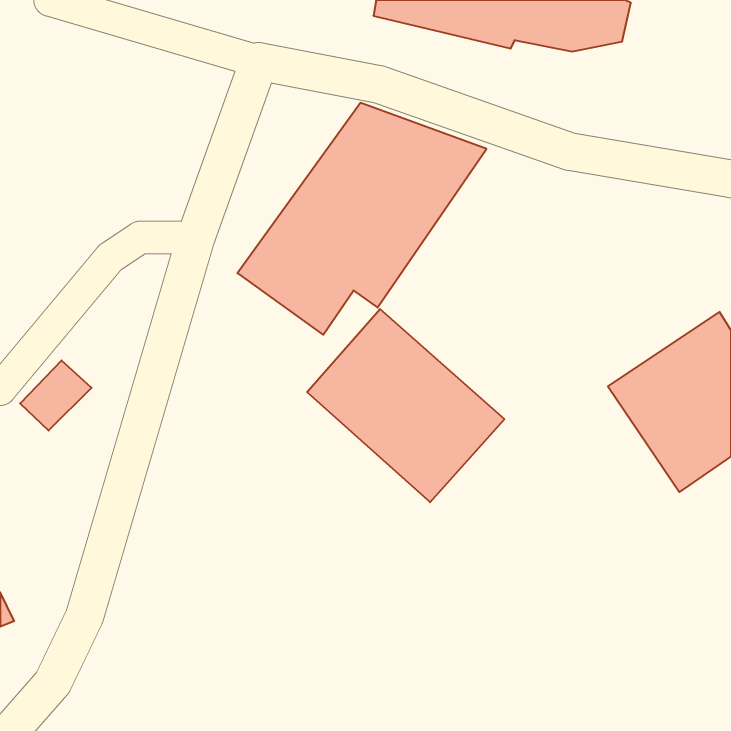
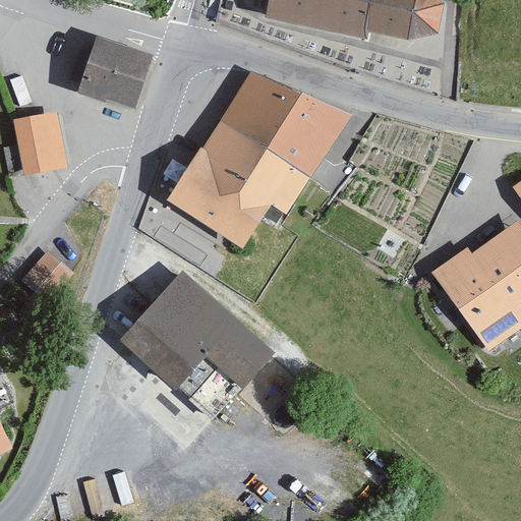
building: none -> [84,38,149,98]
building: none -> [13,118,62,176]
building: [307,309,504,502] -> [126,284,267,421]

